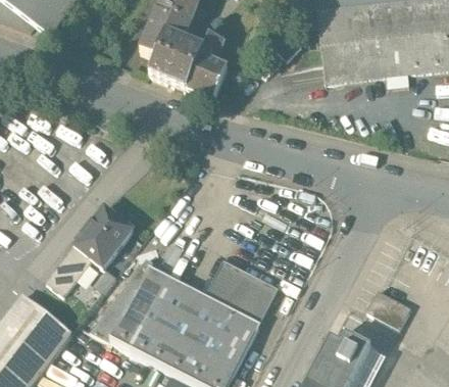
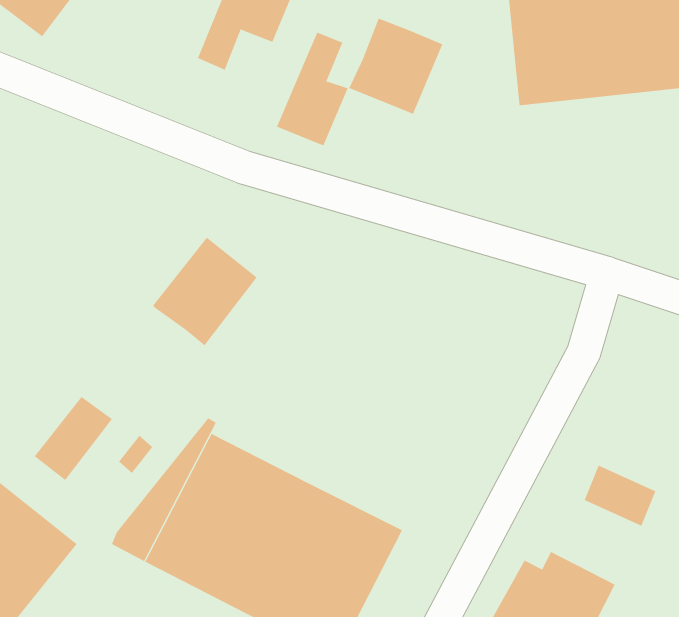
building: [148,33,203,89] -> [348,18,443,115]
building: [71,204,133,268] -> [152,237,258,346]
building: [204,259,278,323] -> none

